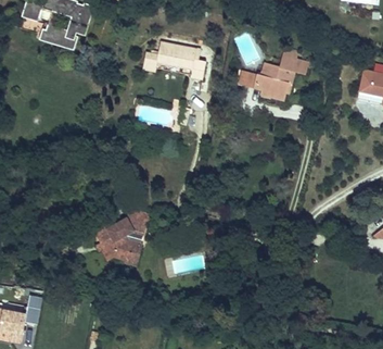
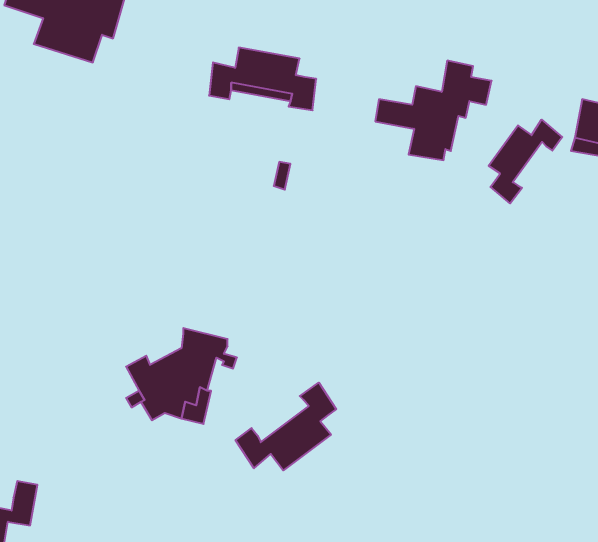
building: none -> [489,120,562,203]
building: none -> [236,383,336,470]

